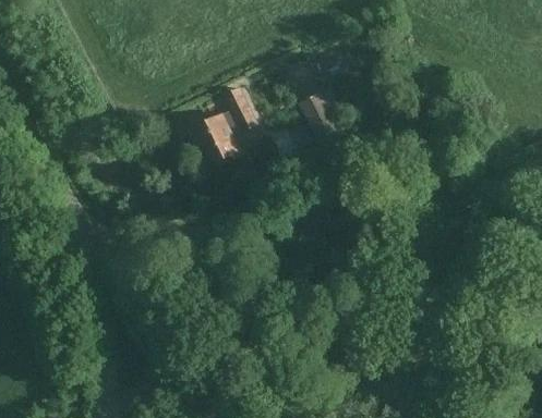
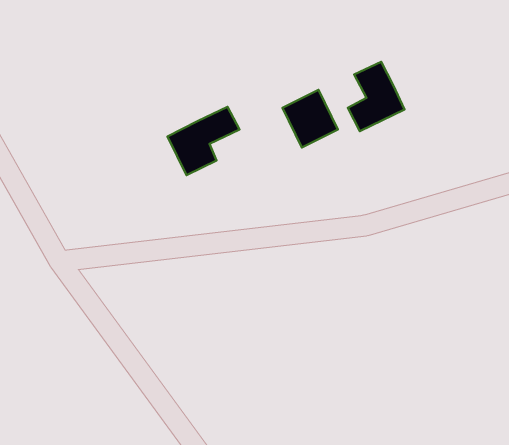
building: none -> [348,62,404,131]

